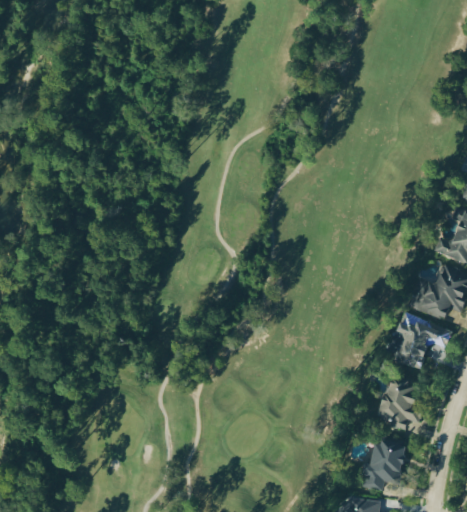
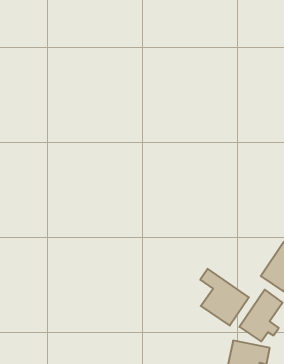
building: none -> [200,269,249,326]

